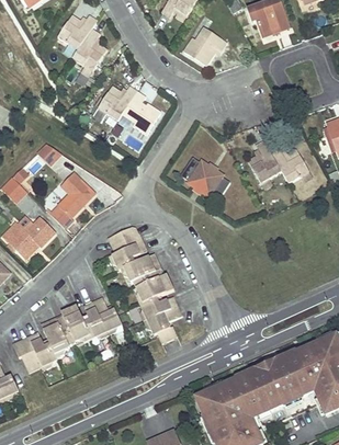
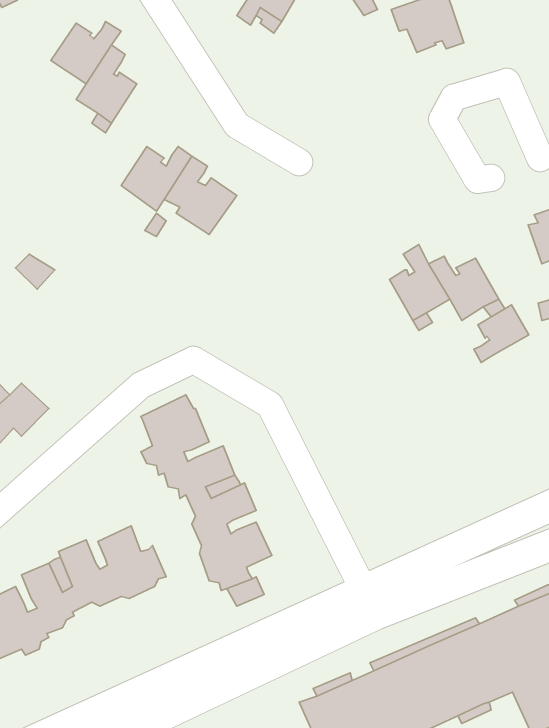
building: [184,26,227,66] -> none
building: [179,157,229,201] -> none
building: [49,173,95,229] -> none
building: none -> [474,305,529,362]

